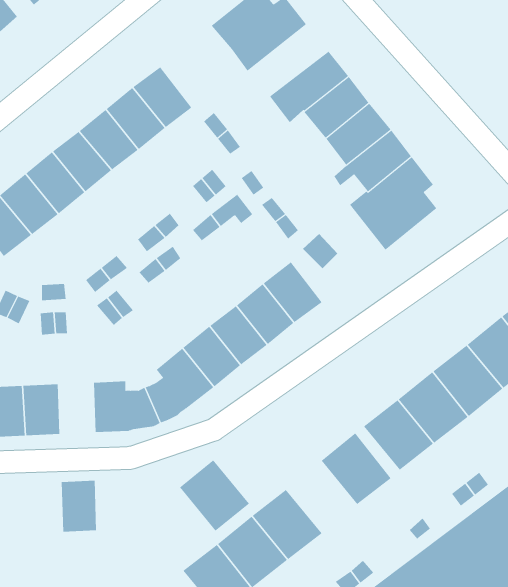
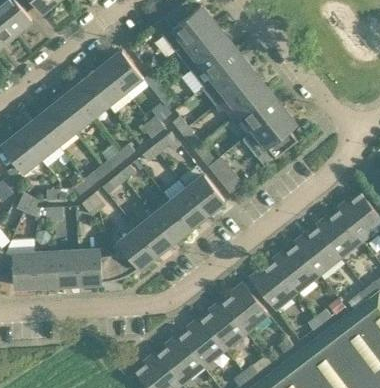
building: none -> [177,25,229,71]
building: [179,459,250,532] -> [202,303,247,349]
building: [61,480,97,532] -> [57,253,80,286]

